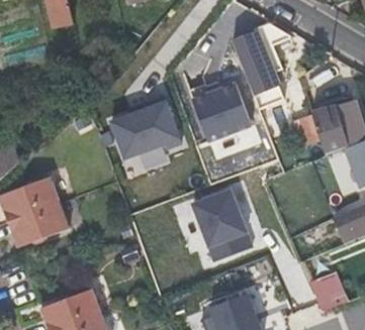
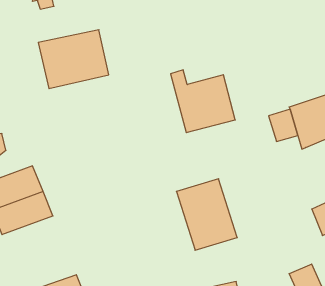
building: [236,38,280,99] -> none
building: [112,102,185,162] -> [38,30,109,89]

